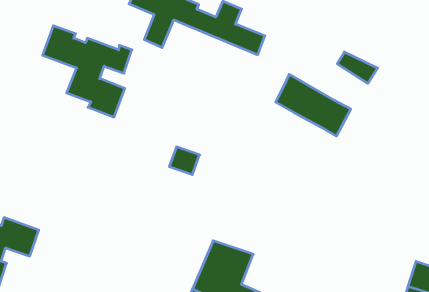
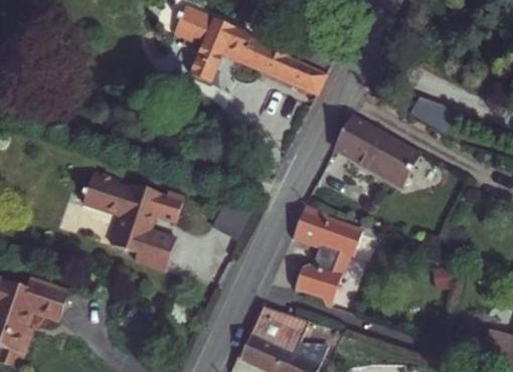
building: [43,26,132,117] -> [84,167,185,269]
building: none -> [296,206,365,309]

